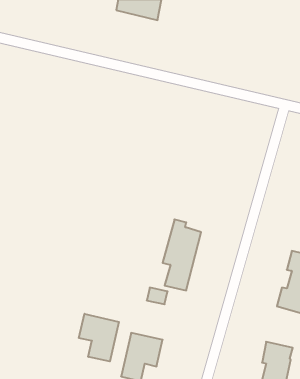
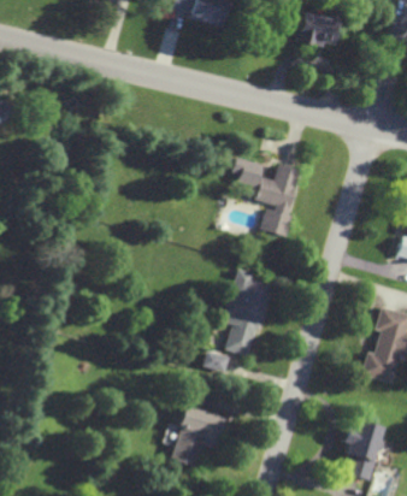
building: none -> [294,12,338,46]
building: none -> [231,158,299,236]
building: [79,314,119,361] -> none

